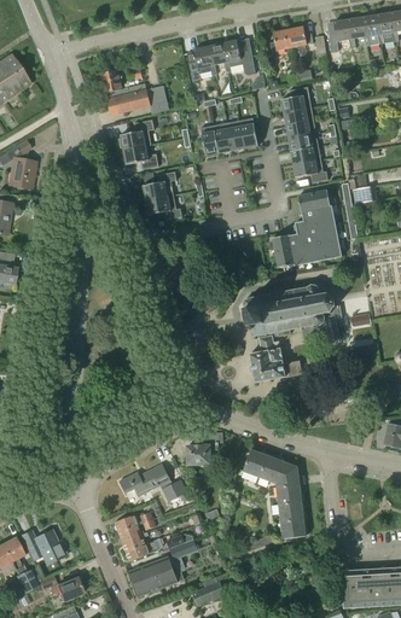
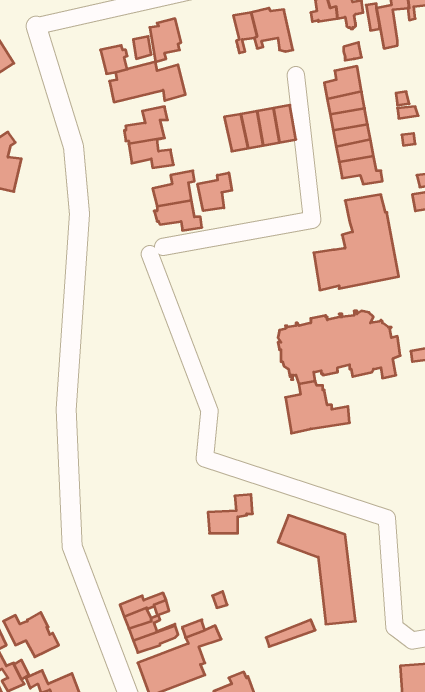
building: [187,45,213,80] -> [150,19,181,62]
building: none -> [198,173,232,211]
building: [120,462,191,501] -> none

